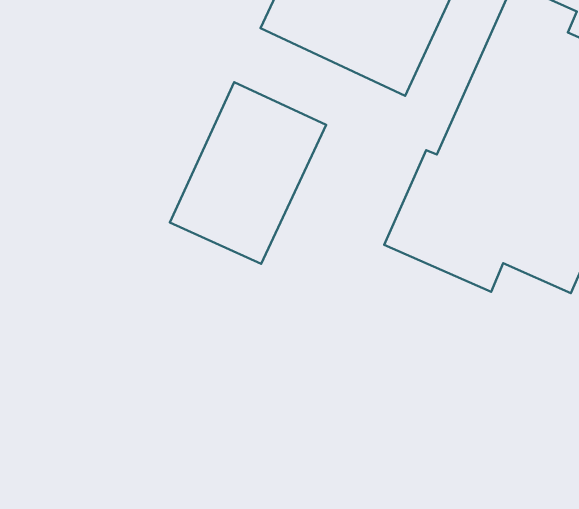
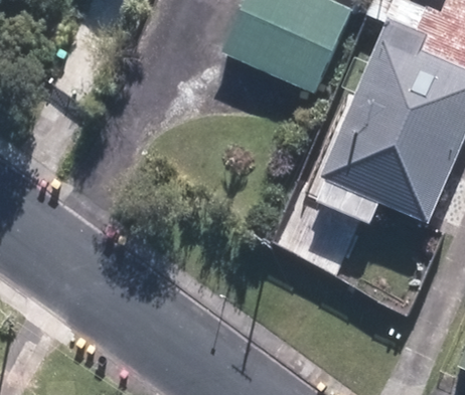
building: [170,82,326,264] -> none

